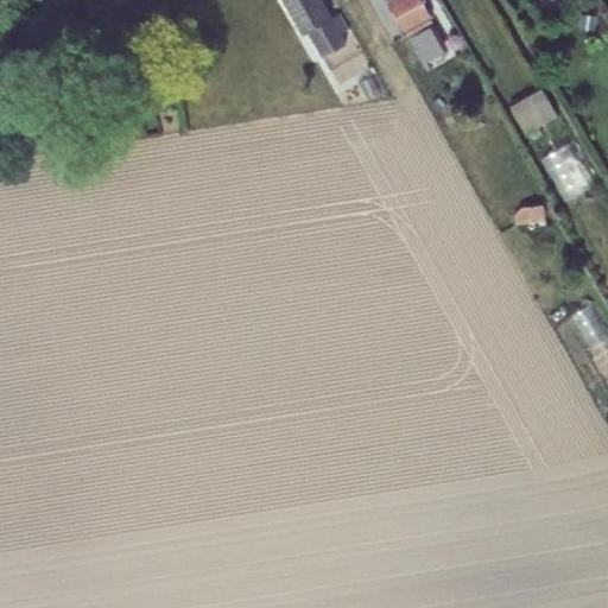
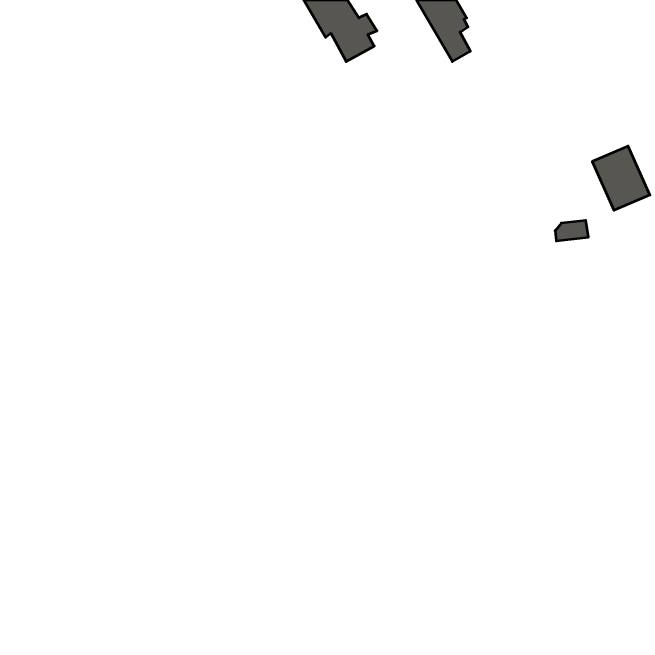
building: [508,88,556,133] -> none

